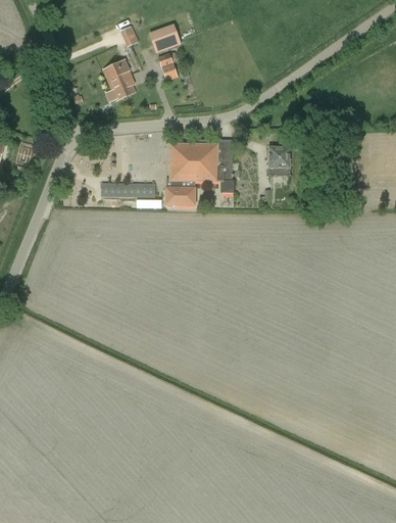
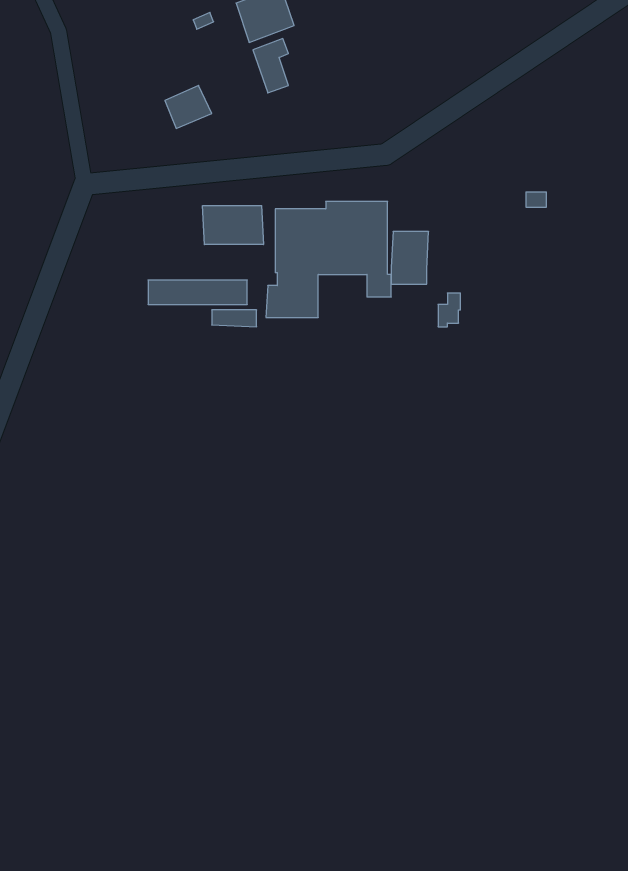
building: [103,60,129,86] -> none
building: none -> [203,206,263,245]
building: [268,148,289,177] -> [391,232,429,284]

